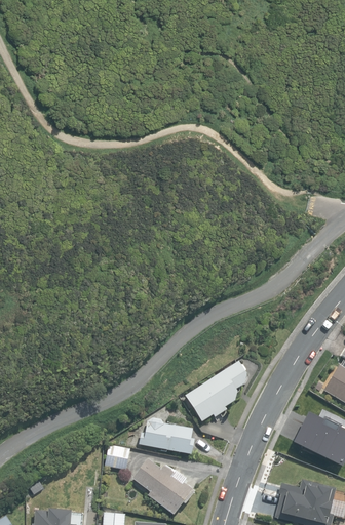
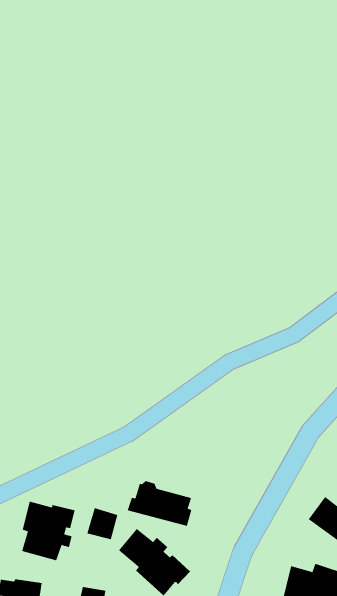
building: [186,361,247,421] -> none
building: none -> [22,501,75,561]

